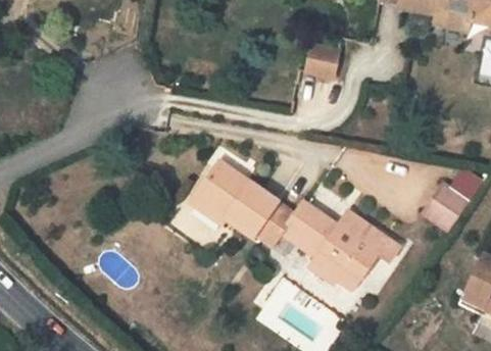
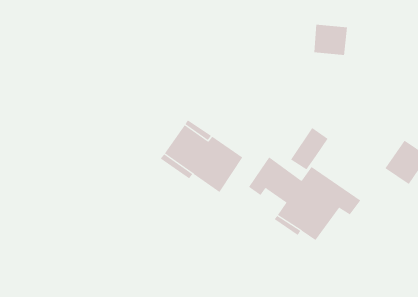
building: [301,45,337,78] -> [313,24,348,56]
building: [254,201,294,246] -> [290,127,328,170]

